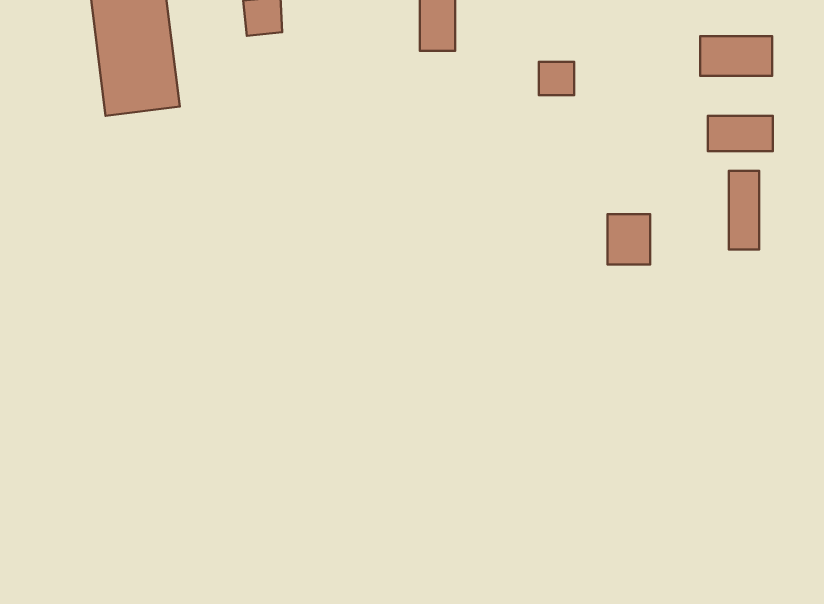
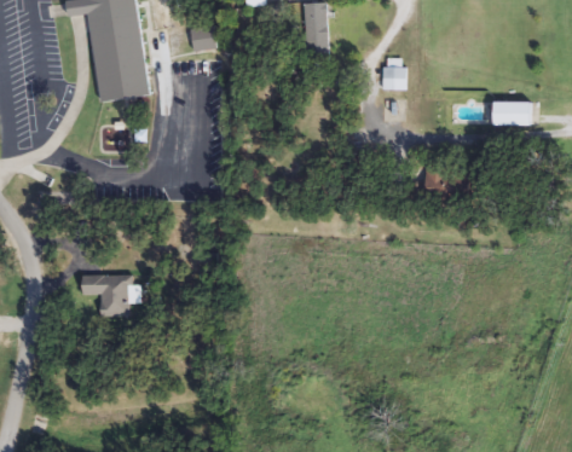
building: [700,36,772,76] -> none
building: [729,171,759,249] -> none
building: none -> [82,273,131,317]

